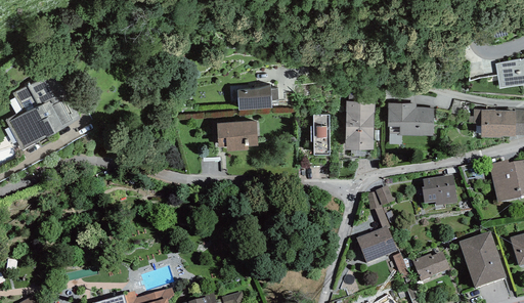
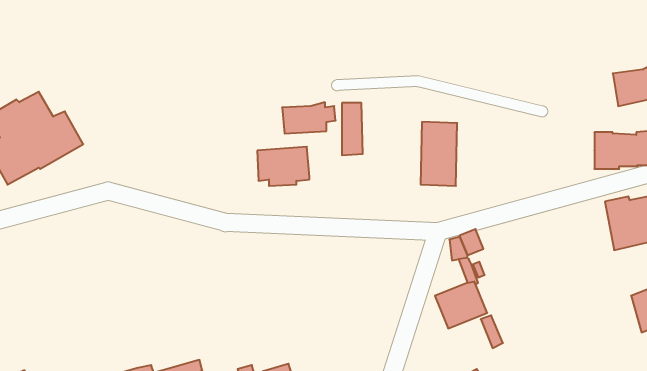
building: [387,102,433,135] -> none
building: [313,114,330,155] -> [342,103,363,155]
building: [421,174,457,205] -> none
building: [458,230,506,288] -> none
building: [412,251,449,279] -> none

